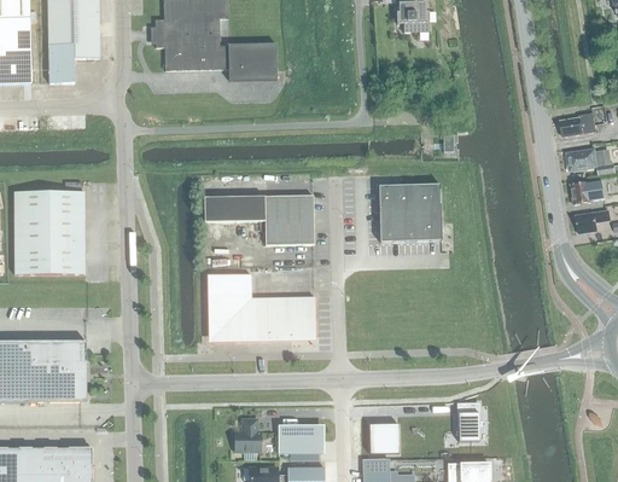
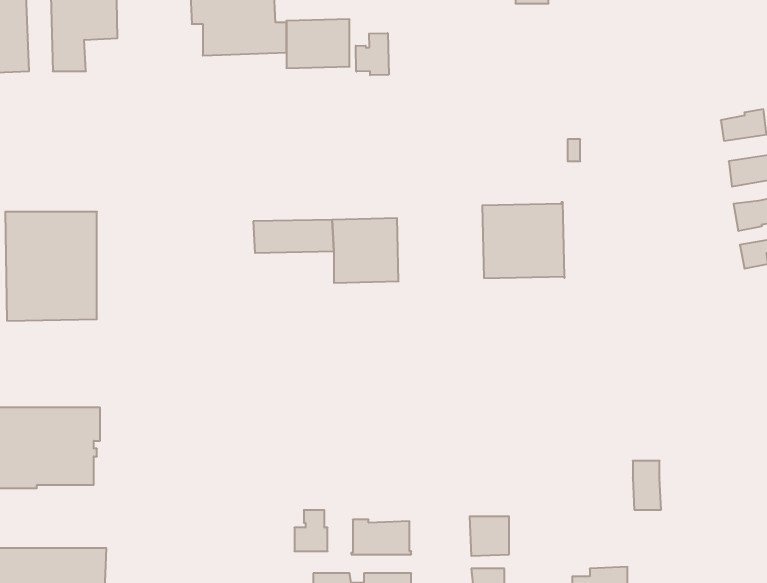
building: none -> [356,33,389,75]
building: [208,273,315,339] -> none
building: [457,402,479,440] -> [633,461,661,510]

